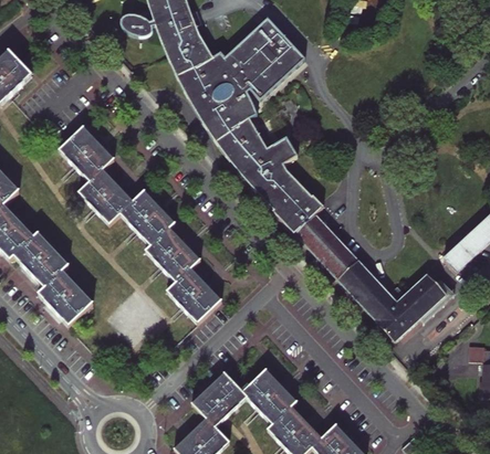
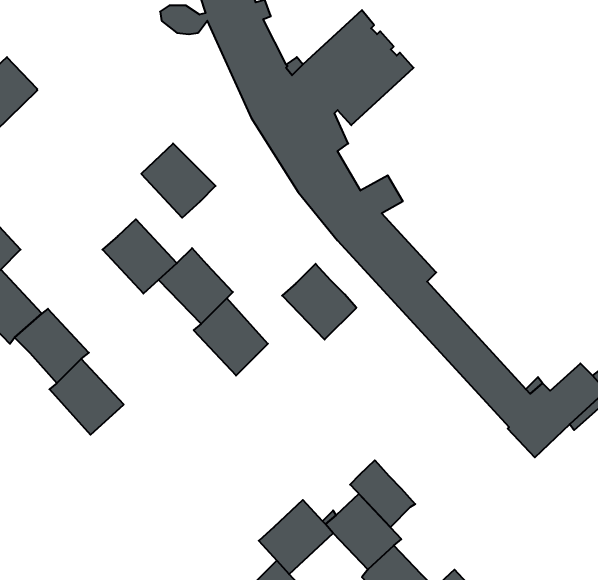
building: [59,126,113,180] -> [141,143,216,218]
building: [165,267,219,323] -> [282,264,356,340]
building: none -> [350,460,415,527]

